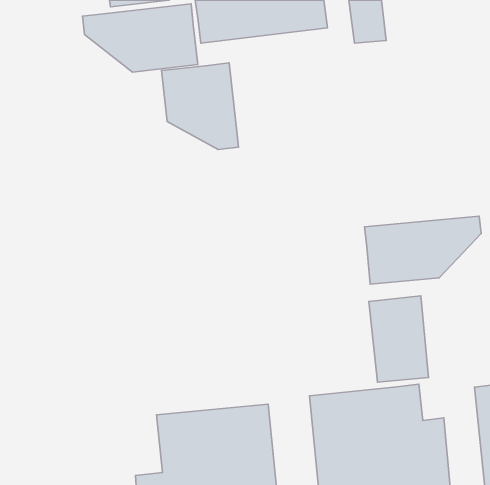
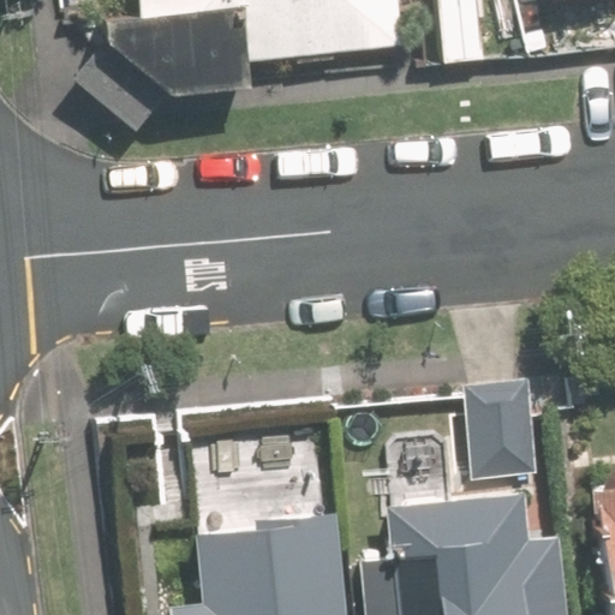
building: [162,63,238,150] -> none
building: [364,216,481,284] -> none

